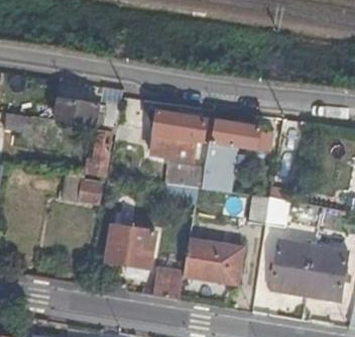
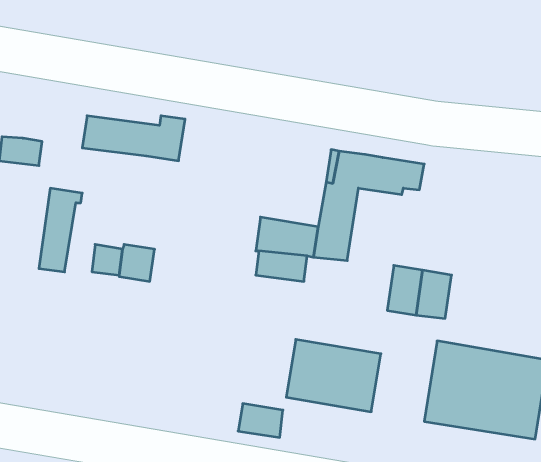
building: [151,111,206,159] -> none
building: [89,124,116,177] -> [39,188,82,272]
building: [107,225,154,268] -> none

